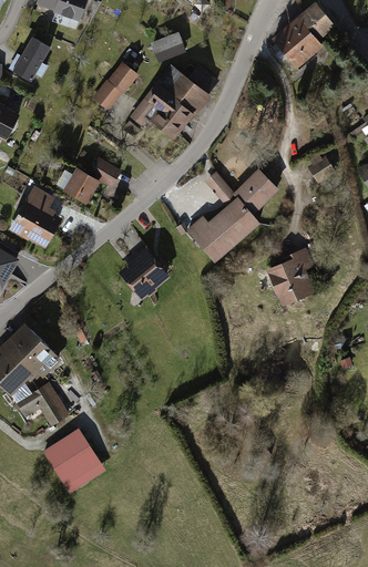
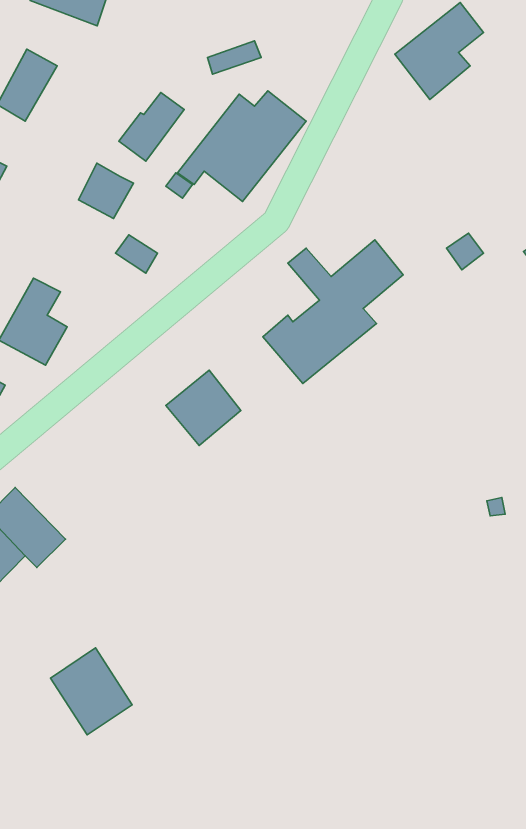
building: [63,168,100,205] -> [78,163,134,218]
building: [270,249,315,299] -> none
building: [18,383,68,425] -> none

